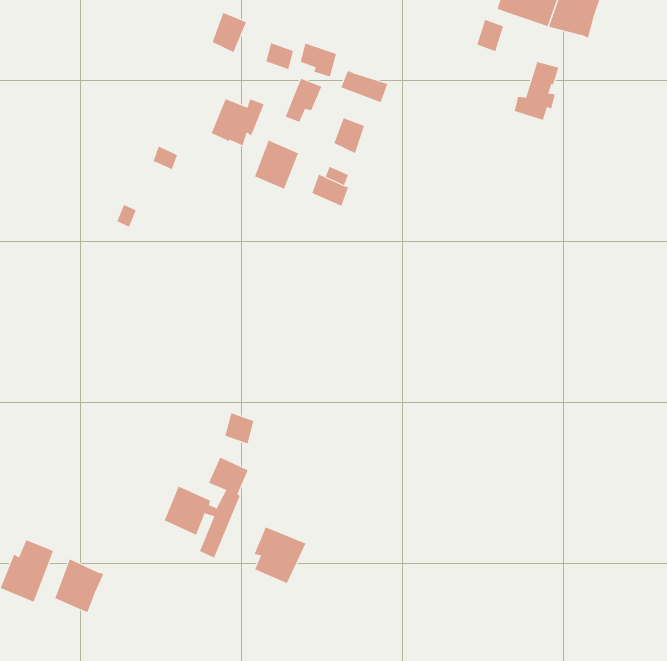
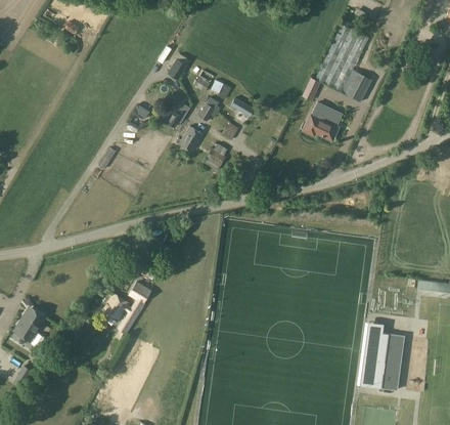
building: none -> [306,101,331,134]
building: [254,526,306,584] -> none
building: [55,558,104,612] -> none

